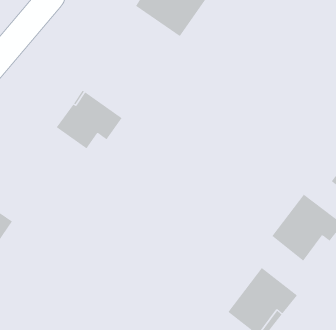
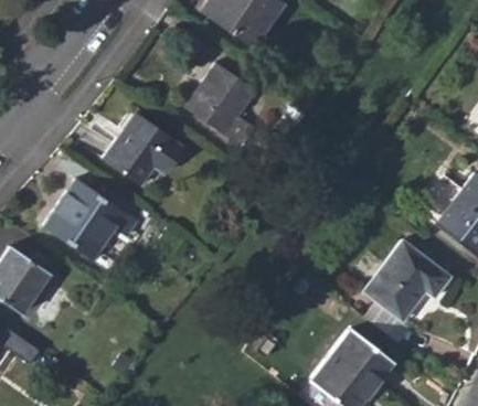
building: none -> [187,64,256,147]
building: none -> [44,180,138,259]

